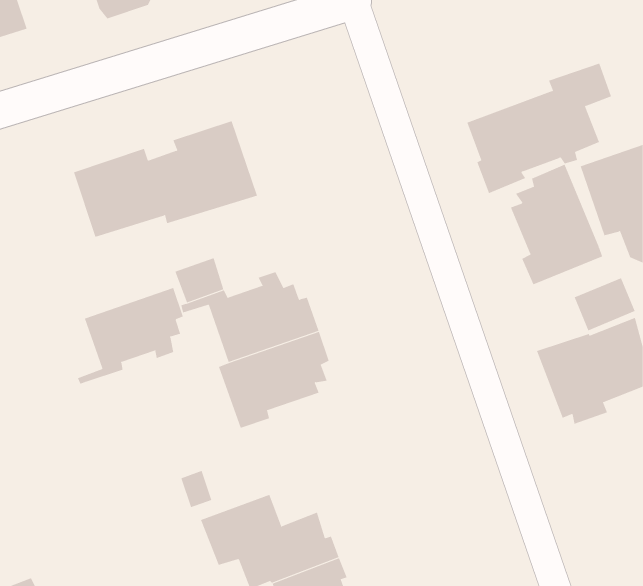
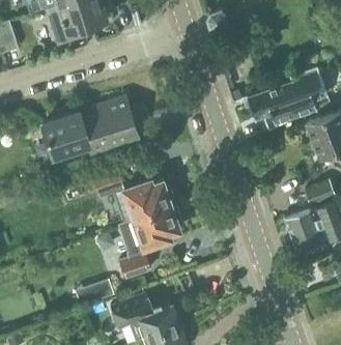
building: [510,164,603,285] -> none
building: [77,287,184,384] -> none
building: none -> [115,253,150,280]

